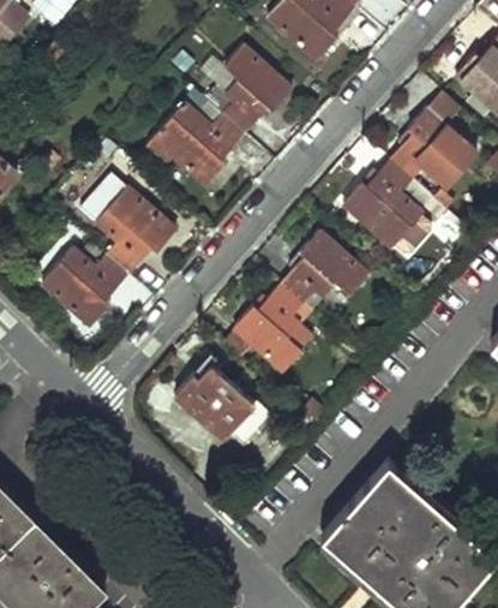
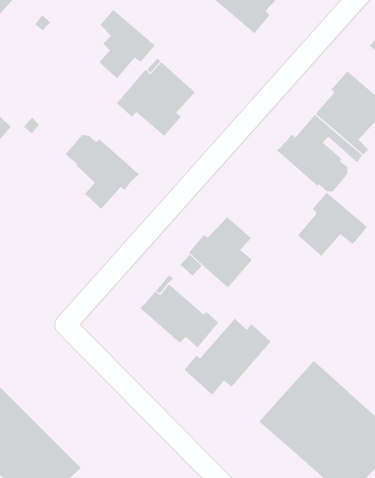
building: [221,47,290,132] -> [98,9,156,79]
building: [282,231,368,310] -> [297,192,368,257]
building: [42,250,128,327] -> none
building: none -> [184,318,272,396]

